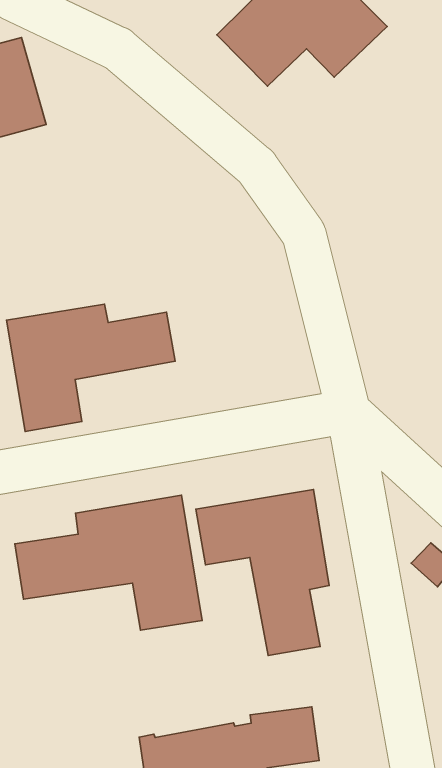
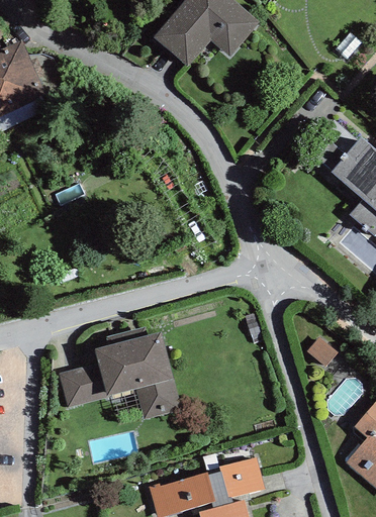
building: [6,304,175,432] -> none
building: [196,489,329,656] -> none

